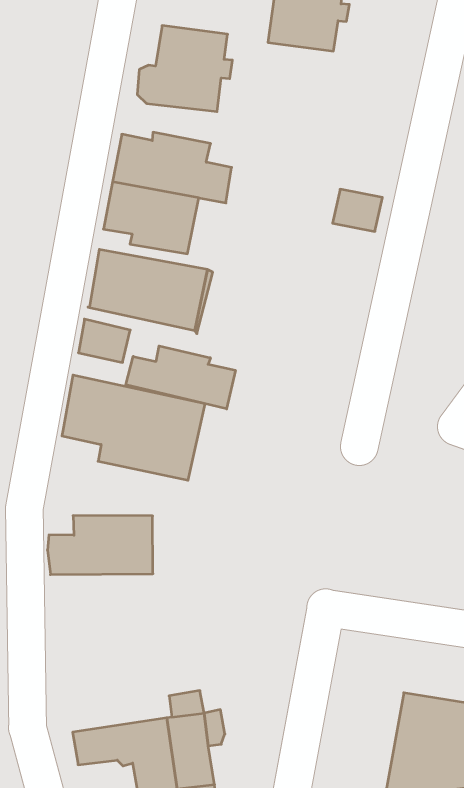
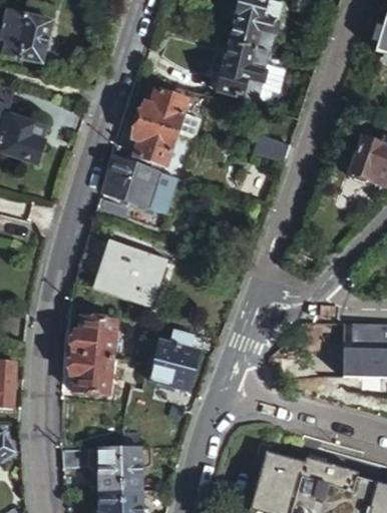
building: [137,26,232,112] -> [211,45,271,101]
building: [126,346,235,409] -> none
building: none -> [146,331,199,396]
building: none -> [60,352,122,396]

